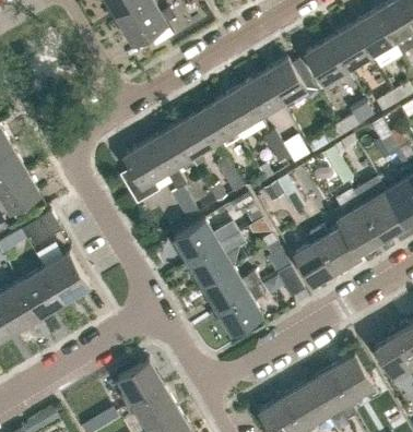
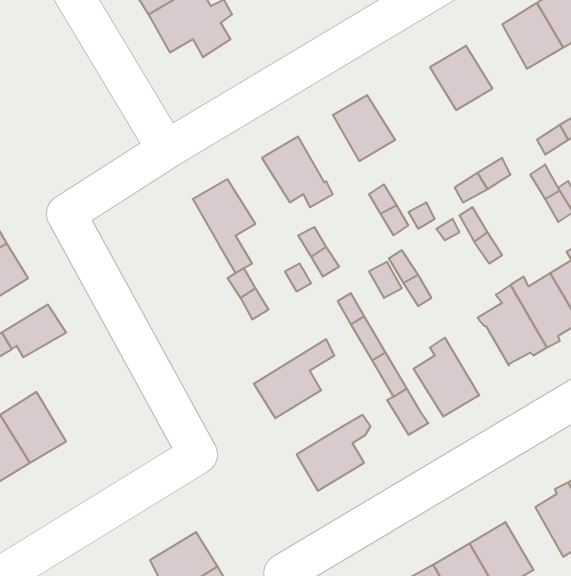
building: [329,26,369,69] -> none
building: [263,59,318,110] -> none
building: [217,86,258,131] -> none
building: [170,115,212,167] -> none
building: [123,142,165,203] -> none
building: [174,220,236,264] -> none
building: [315,226,362,272] -> none
building: [44,254,88,302] -> none
building: [202,268,260,311] -> none

